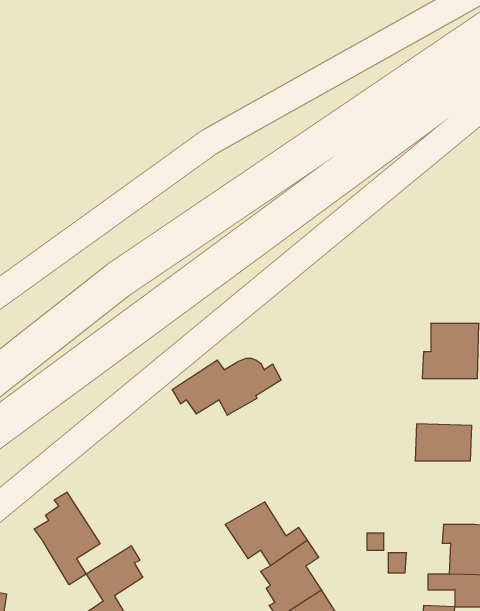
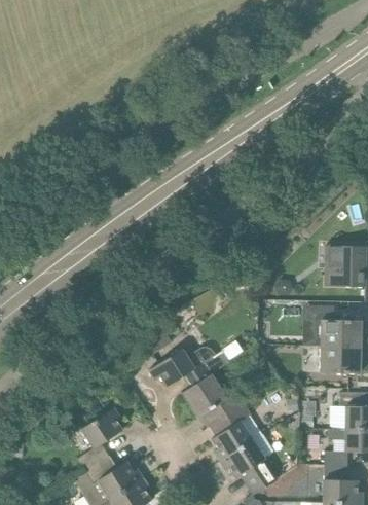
building: [172,359,281,415] -> [149,348,228,389]
building: none -> [320,347,360,373]
building: [34,492,100,585] -> none

